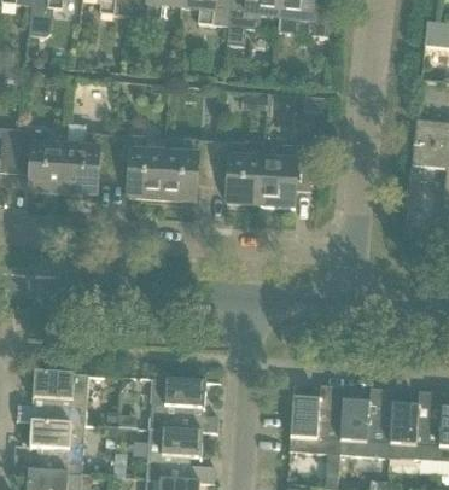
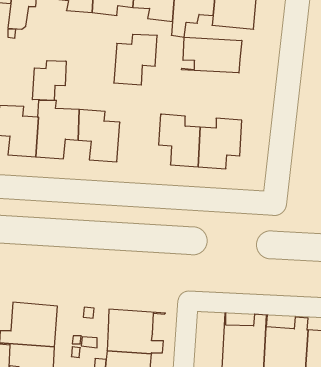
building: none -> [182,37,242,73]
building: none -> [32,61,66,100]
building: [161,139,214,200] -> [114,34,157,85]

